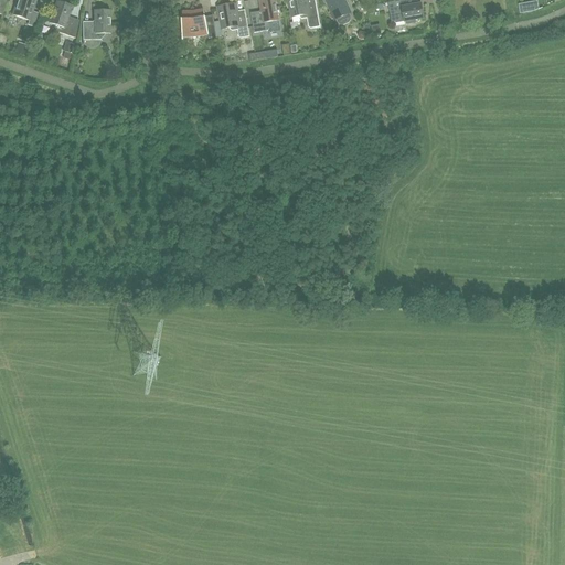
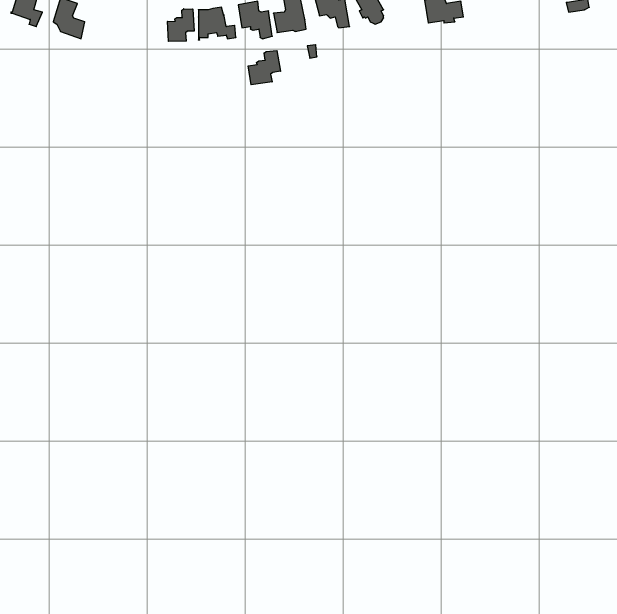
building: [81,7,109,38] -> none
building: none -> [168,9,194,41]
building: none -> [248,51,281,85]

